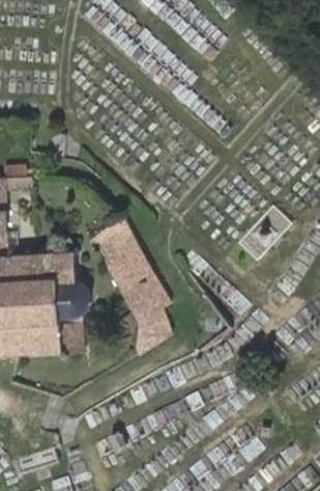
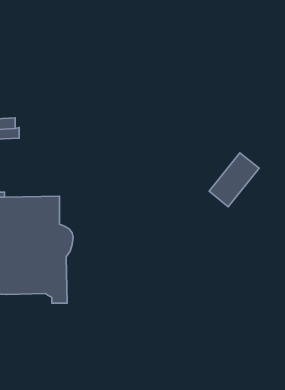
building: [90,218,173,354] -> none

